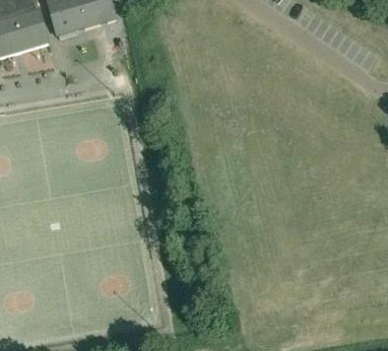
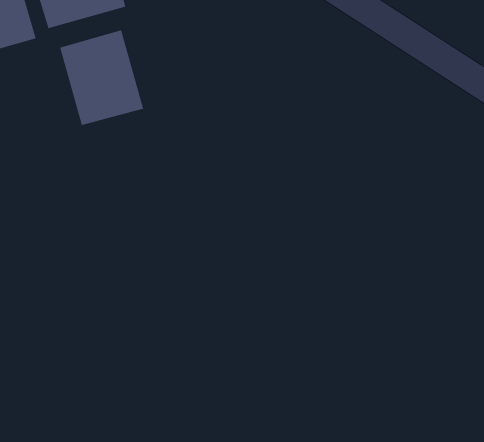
building: none -> [60,30,144,126]

